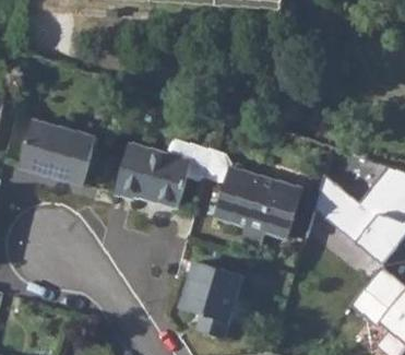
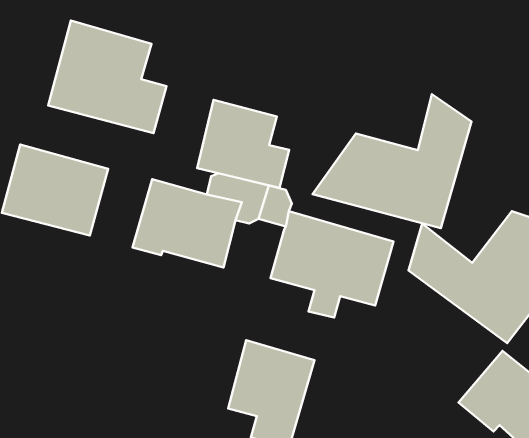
building: none -> [48,20,166,133]
building: none -> [313,94,471,228]
building: none -> [197,100,289,188]

